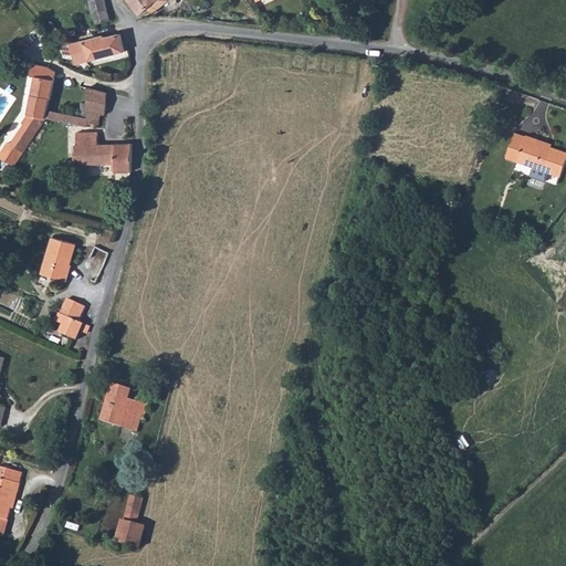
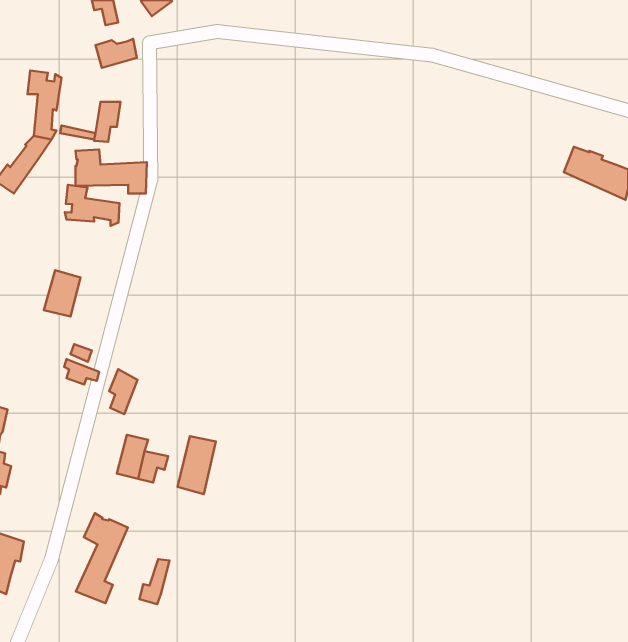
building: [54,40,90,64] -> none
building: none -> [65,185,120,226]
building: none -> [109,369,138,414]
building: none -> [178,436,216,494]
building: none -> [76,513,128,603]

